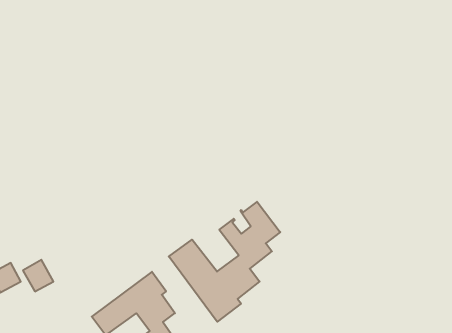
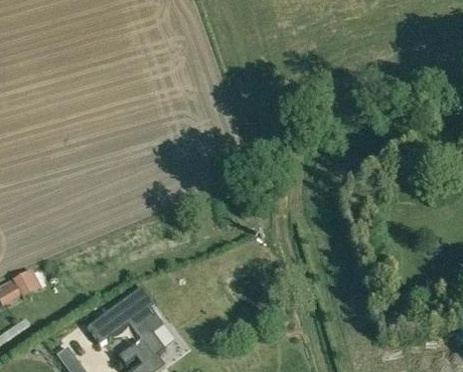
building: [169,202,280,322] -> none

